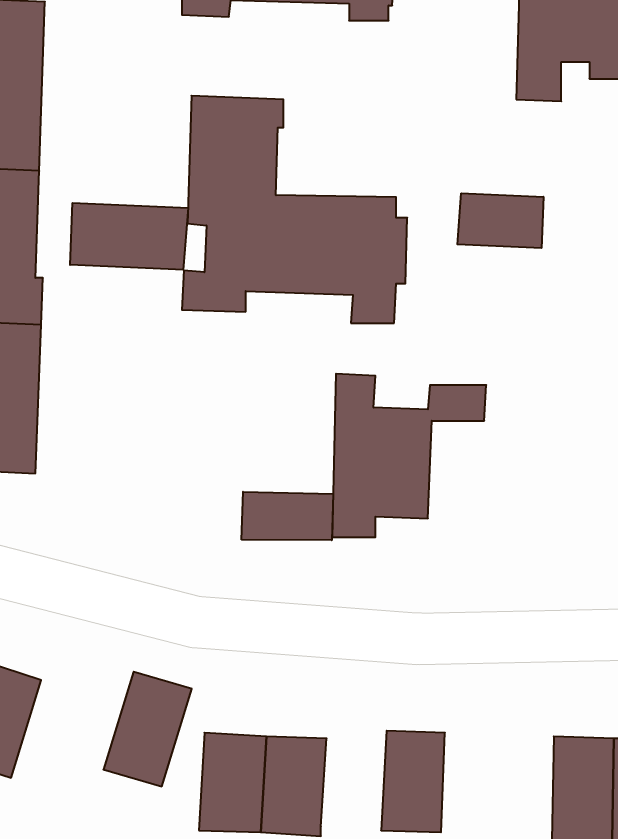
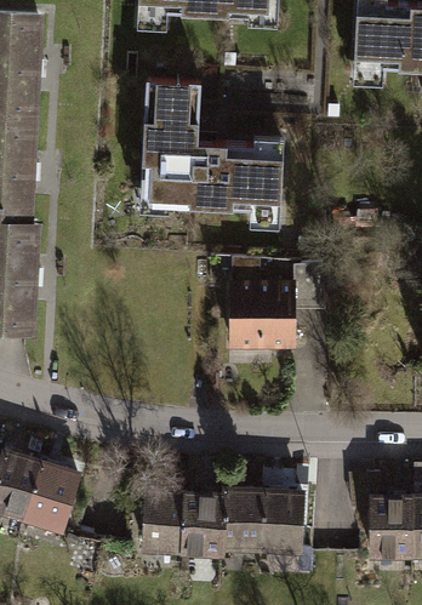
building: [457,193,543,248] -> none
building: [70,203,188,270] -> none
building: [242,492,333,540] -> none
building: [103,672,192,786] -> [23,456,80,530]
building: none -> [223,486,266,553]

